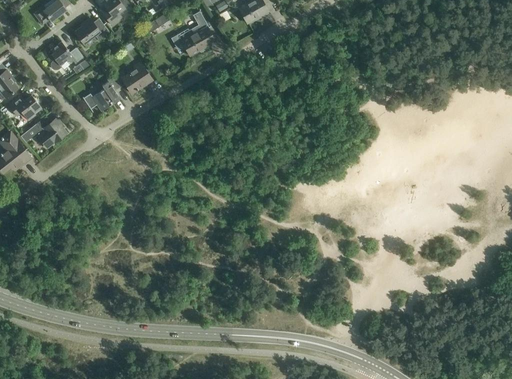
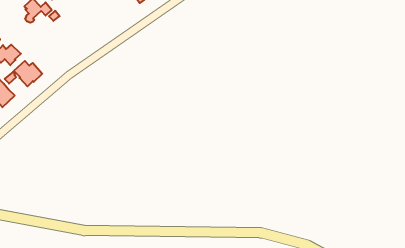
building: [121,62,152,93] -> none
building: [82,75,121,112] -> none

